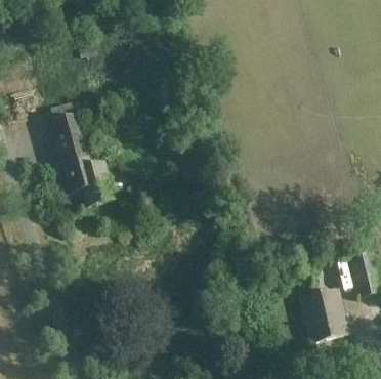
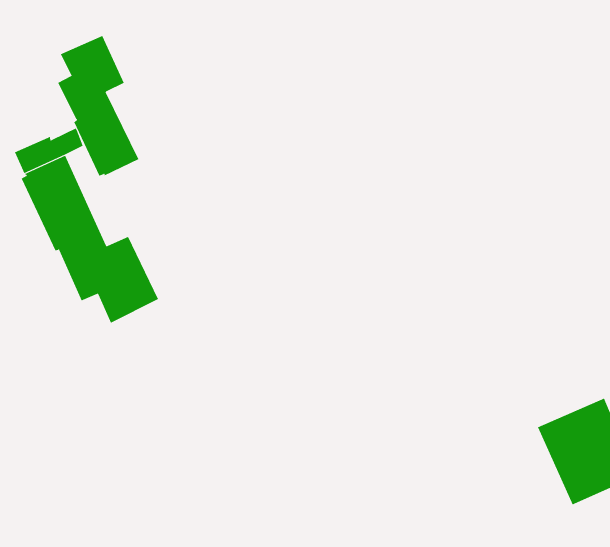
building: none -> [57,35,139,176]

